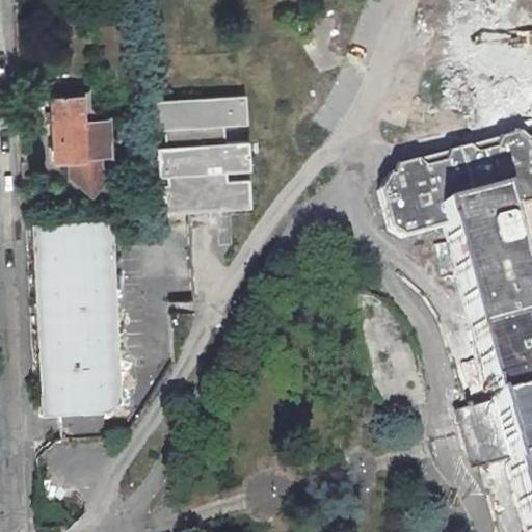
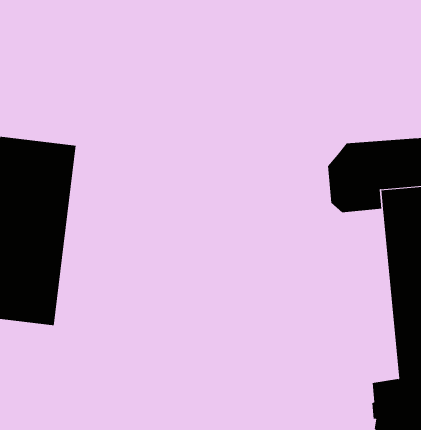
building: [155,96,256,216] -> none
building: [54,99,116,198] -> none

